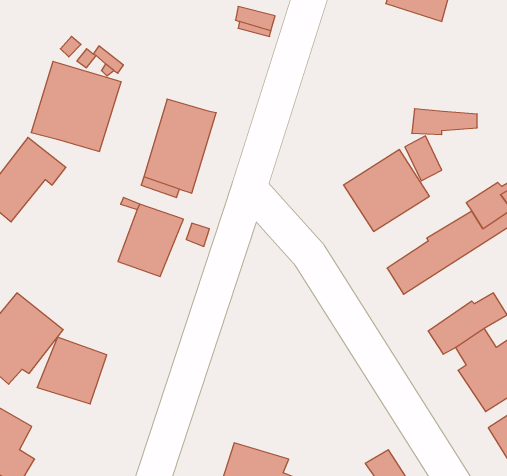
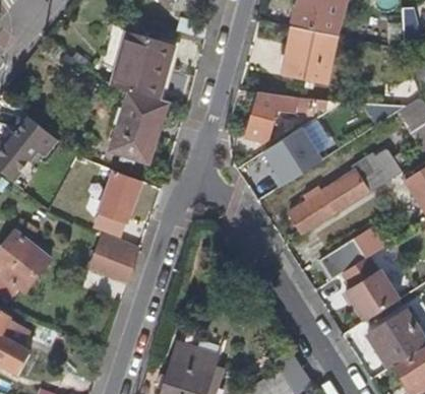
building: none -> [282,23,335,80]
building: [31,61,121,151] -> [108,31,175,98]
building: none -> [250,92,296,129]
building: [37,337,107,404] -> [88,231,140,280]

